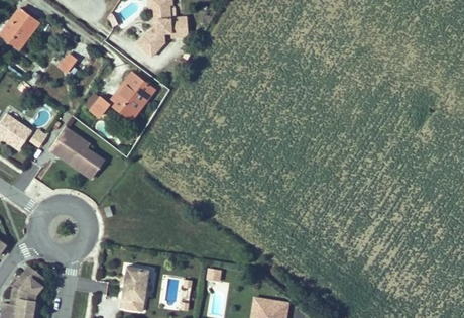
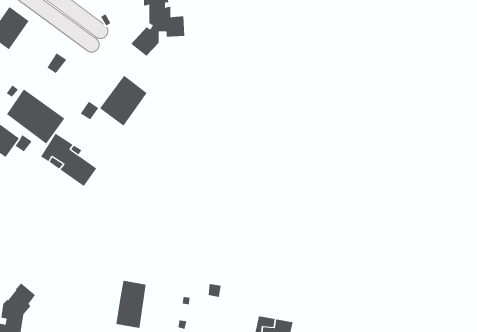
building: none -> [6,89,65,144]

